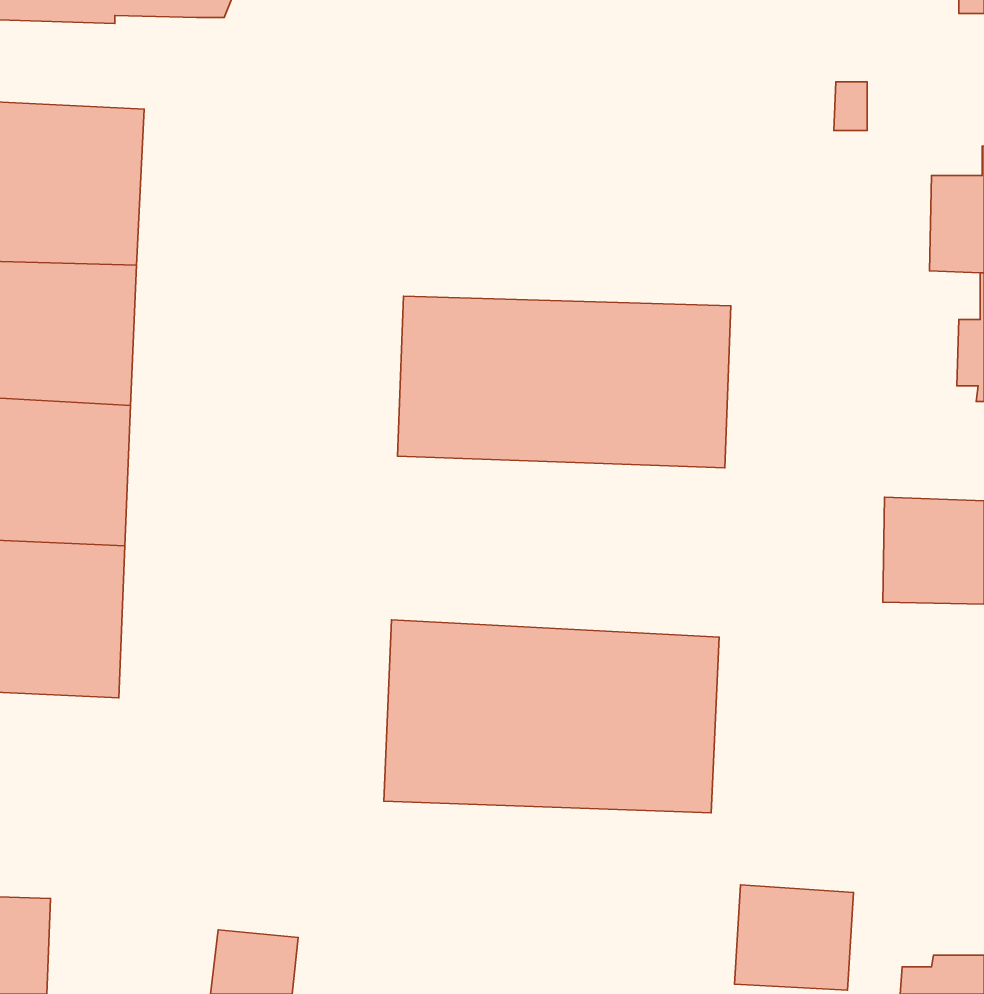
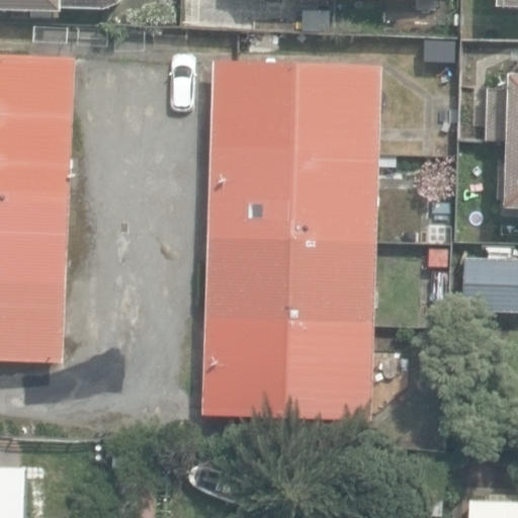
building: none -> [209,59,382,159]
building: none -> [203,237,376,331]

